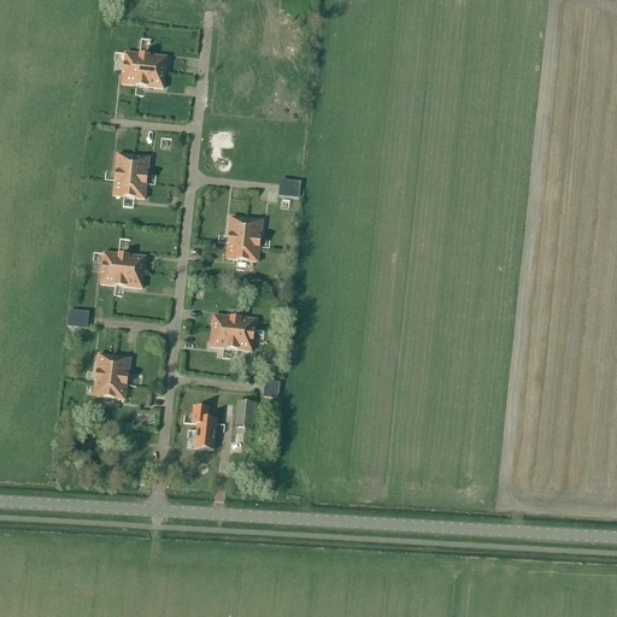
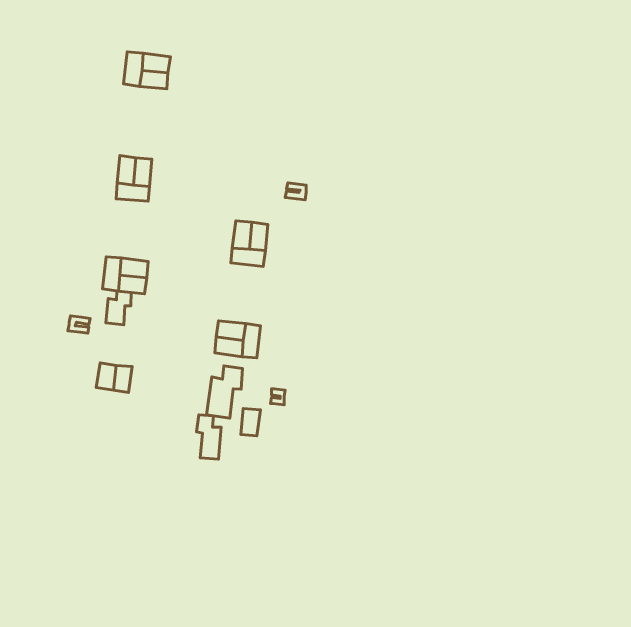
building: none -> [106,291,131,325]
building: none -> [207,366,242,418]
building: [93,378,125,400] -> none

